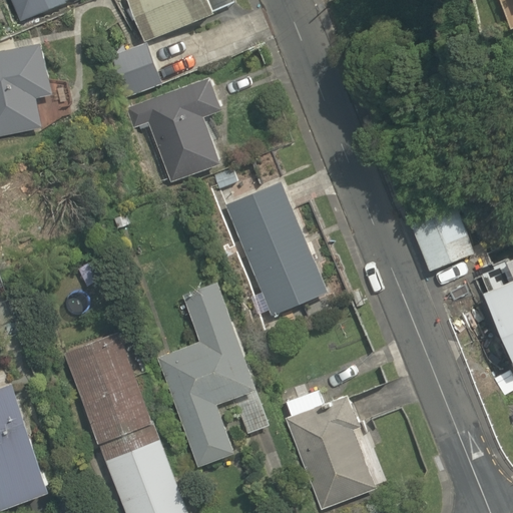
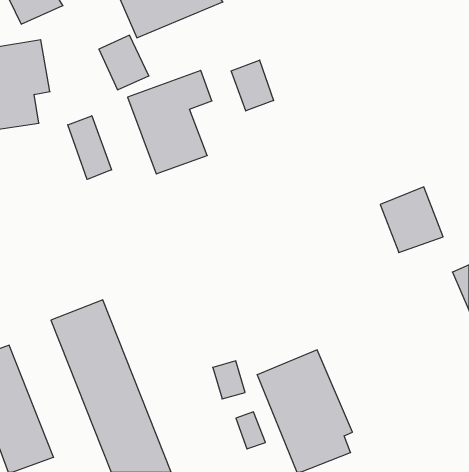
building: none -> [231,60,274,111]
building: none -> [68,116,112,179]
building: [210,171,330,317] -> none
building: [152,274,254,463] -> none

